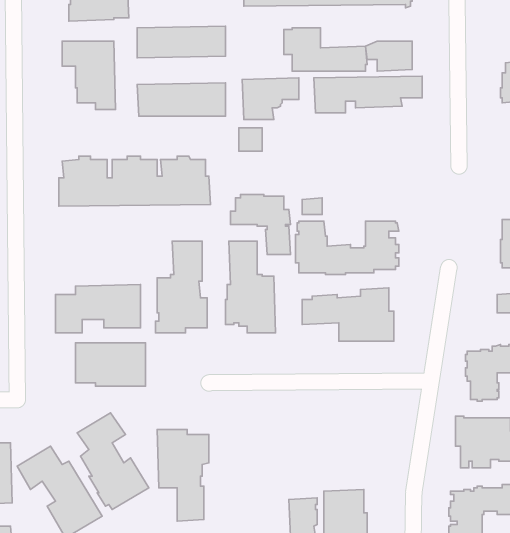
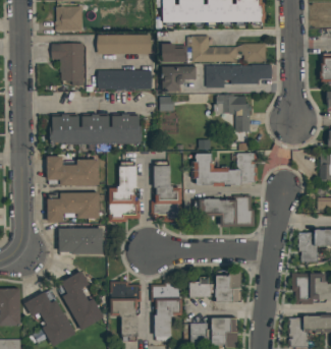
building: none -> [161,44,187,62]
building: [231,194,291,254] -> [213,95,250,131]
building: none -> [46,156,98,186]
building: none -> [215,272,240,303]
building: none -> [188,278,211,297]
building: none -> [150,281,181,337]

